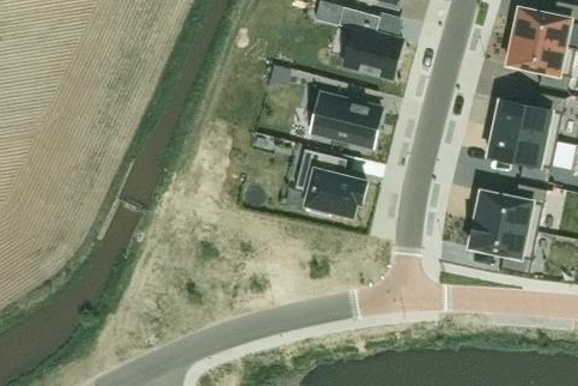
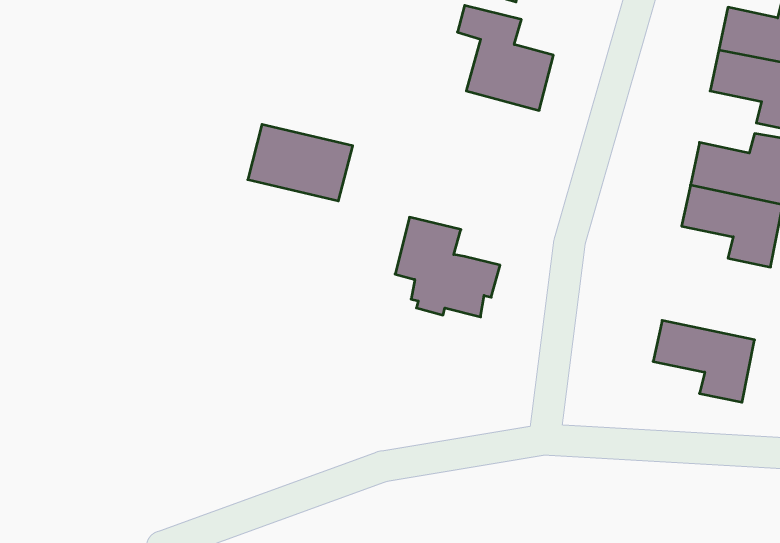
building: [310,94,381,145] -> [248,124,353,201]
building: [474,183,544,231] -> none

